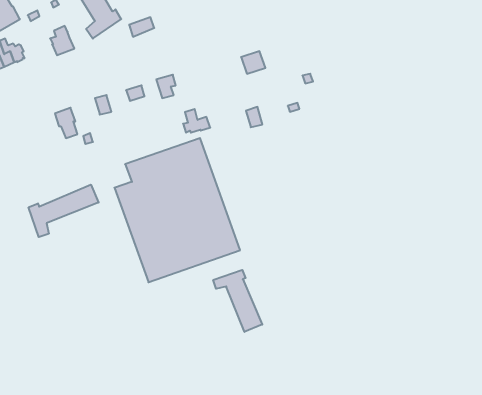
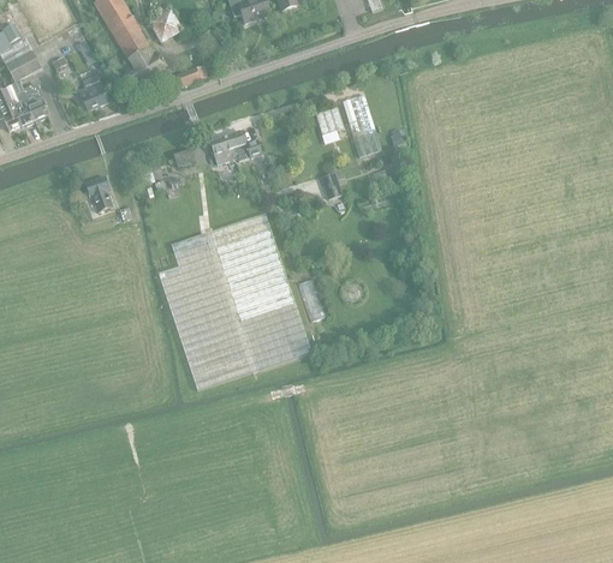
building: none -> [341,92,381,155]
building: [183,109,210,133] -> [227,131,261,160]
building: [29,185,99,237] -> none
building: [213,270,262,332] -> none

